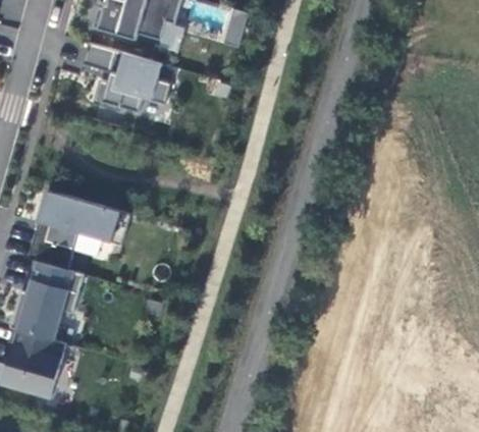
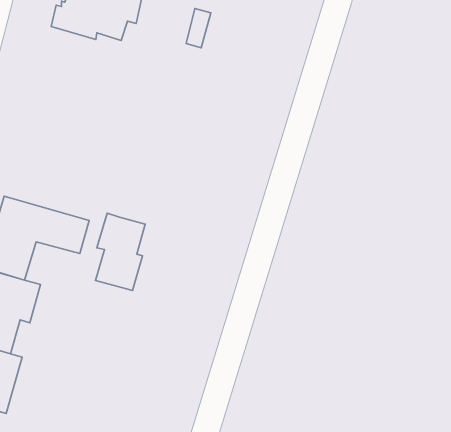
building: [82,43,170,112] -> none
building: none -> [96,213,145,291]

